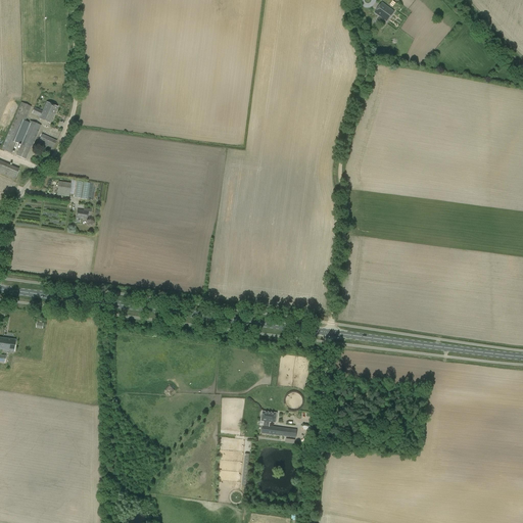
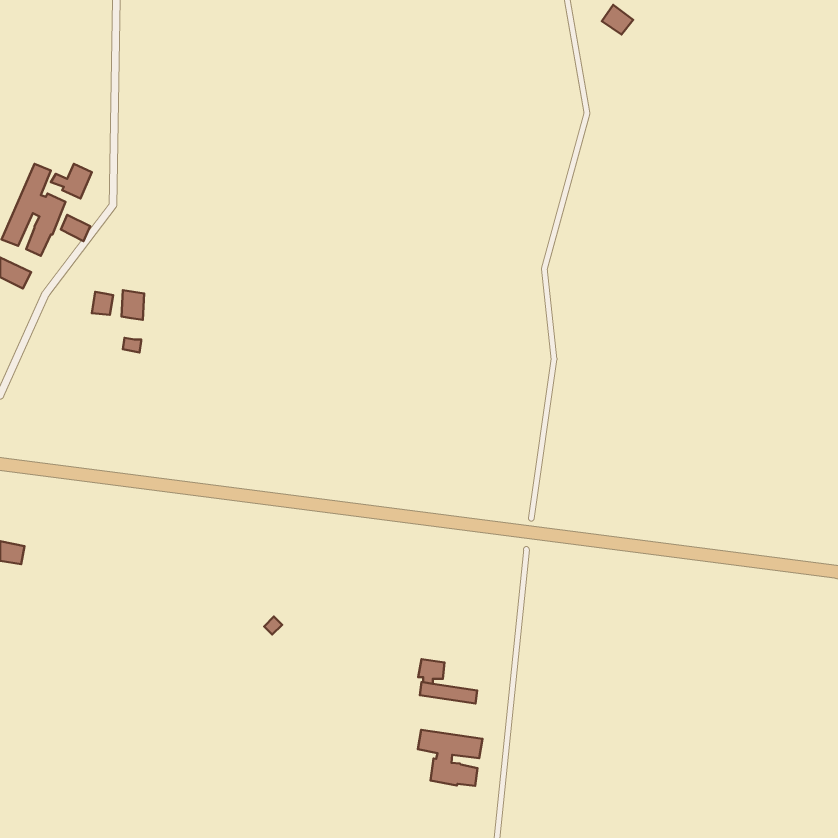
building: none -> [418,730,482,786]

